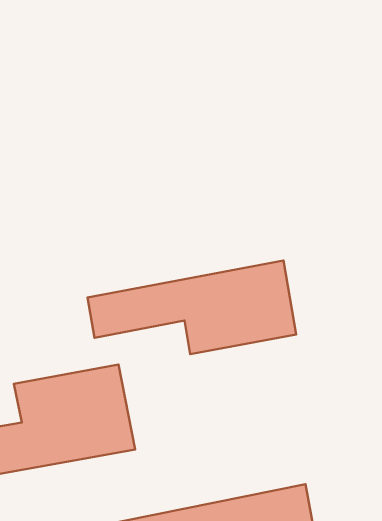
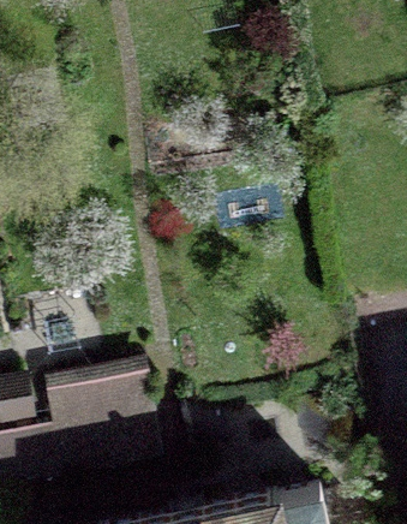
building: [88,260,296,354] -> none

